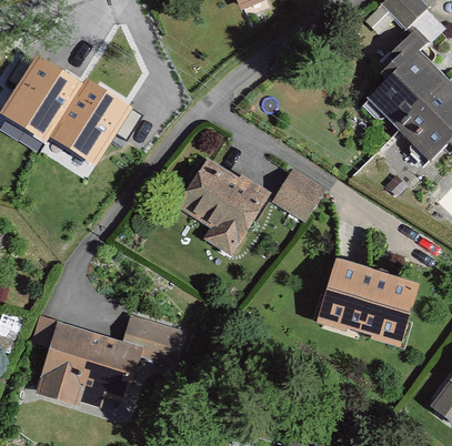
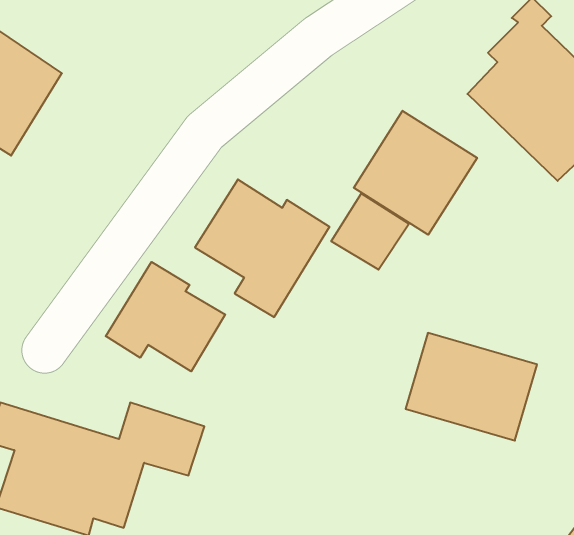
building: [50,78,130,165] -> none
building: none -> [354,111,477,235]
building: none -> [106,262,225,371]

